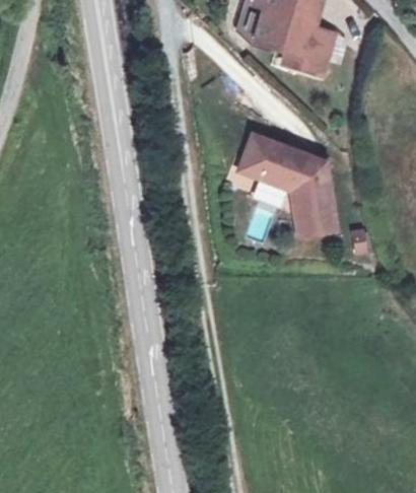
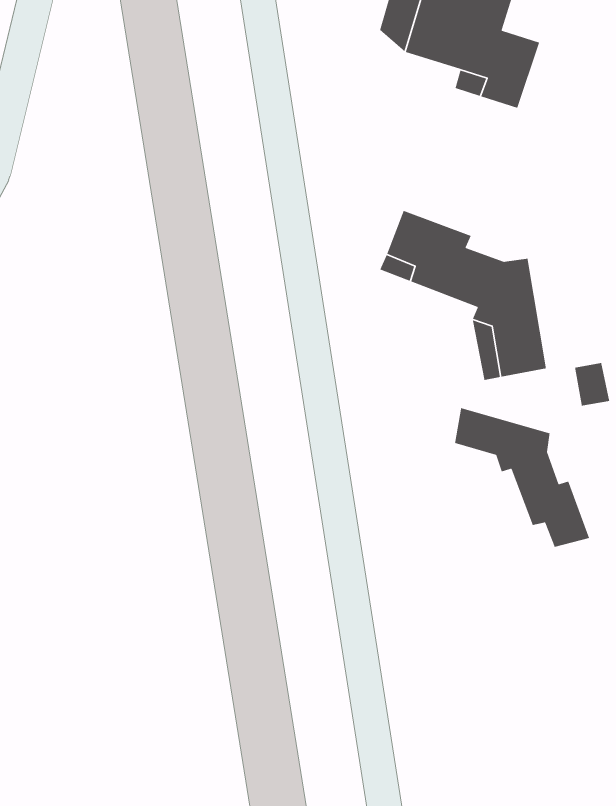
building: none -> [454,407,590,548]

